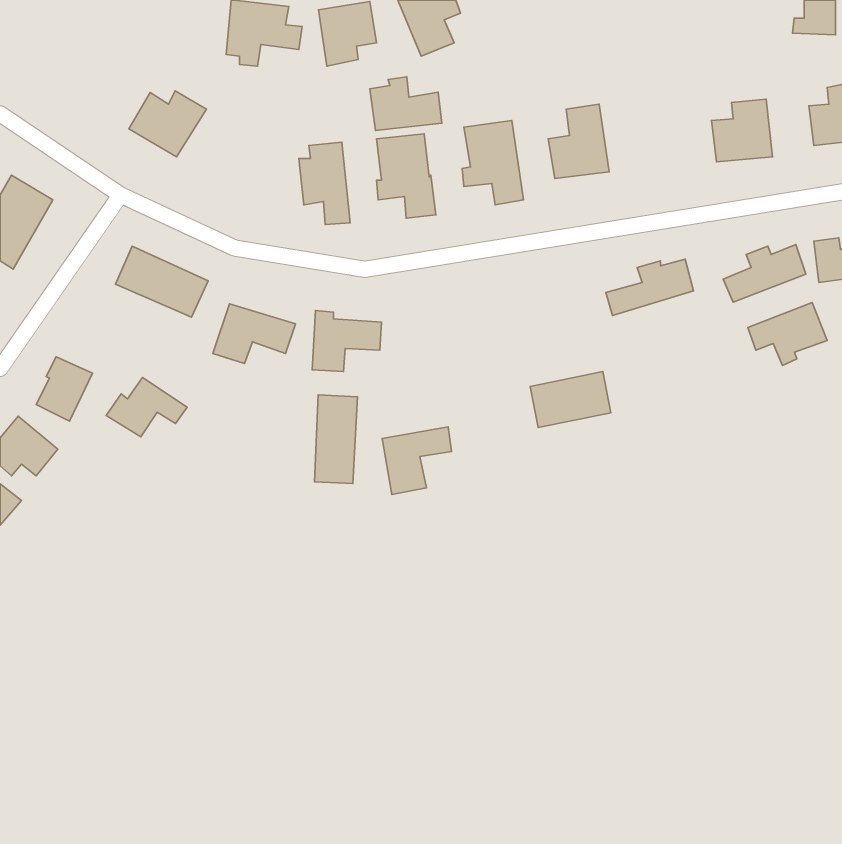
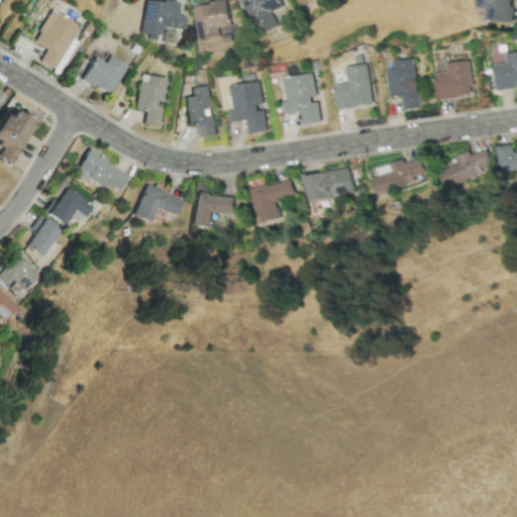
building: none -> [32,10,80,70]
building: [370,77,442,131] -> none
building: none -> [388,59,421,110]
building: none -> [134,75,166,126]
building: [748,303,827,365] -> none
building: [530,371,611,428] -> [305,168,354,202]
building: [106,377,187,437] -> [41,189,91,225]
building: [315,395,358,483] -> none
building: [382,427,451,495] -> [252,182,295,223]

